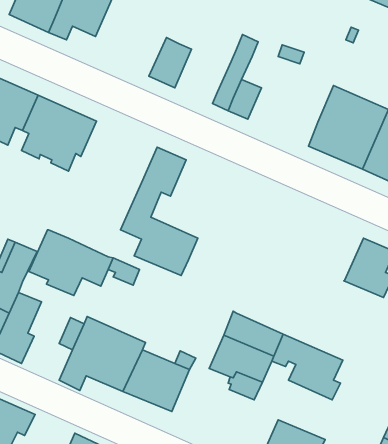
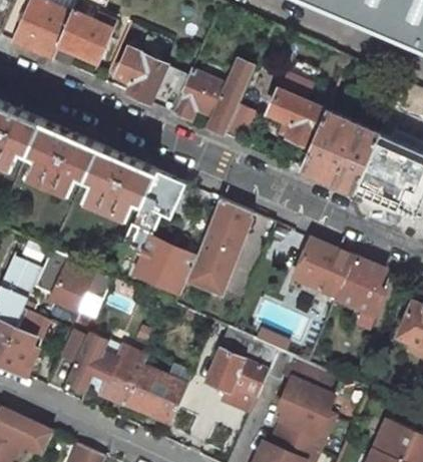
building: none -> [117,48,165,101]
building: none -> [173,70,228,119]
building: none -> [269,89,326,145]
building: none -> [83,144,156,217]
building: none -> [186,196,254,293]
building: none -> [294,245,355,297]
building: none -> [273,393,333,450]

